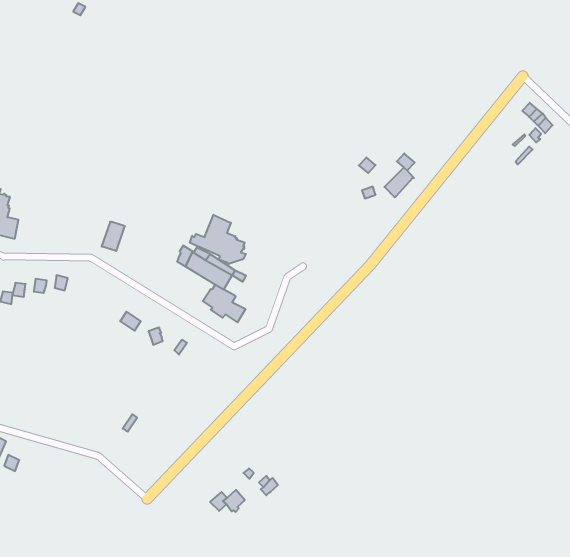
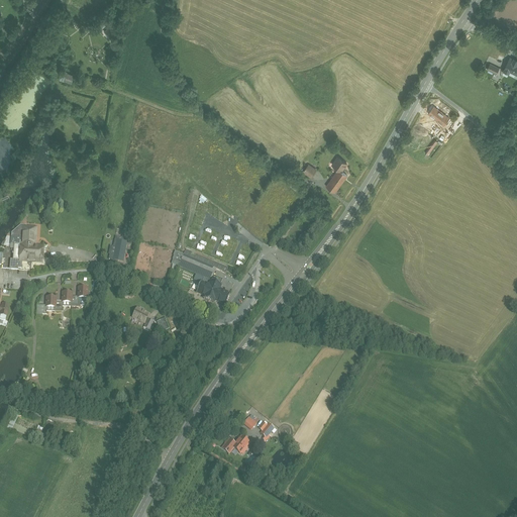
building: [190,215,246,264] -> none

